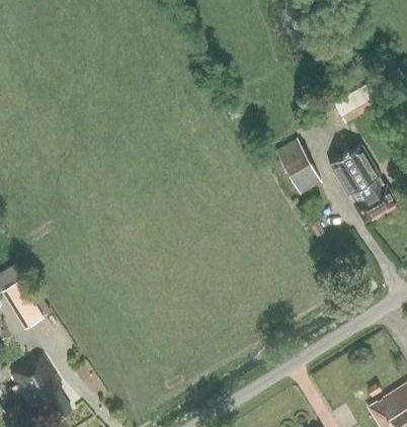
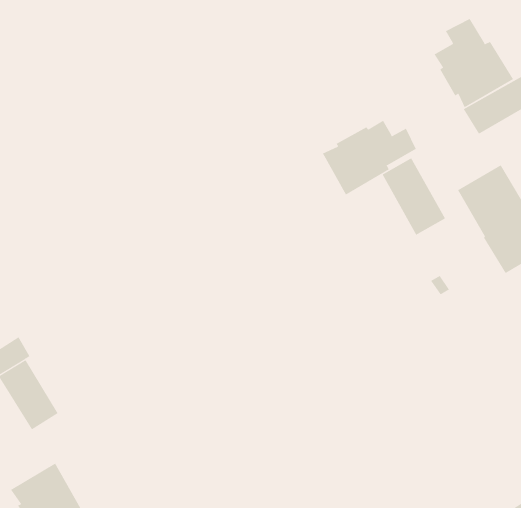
building: none -> [434,18,514,108]
building: none -> [322,120,416,196]

